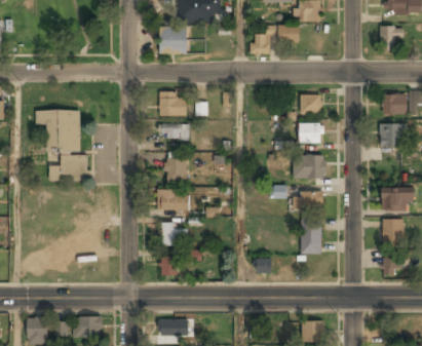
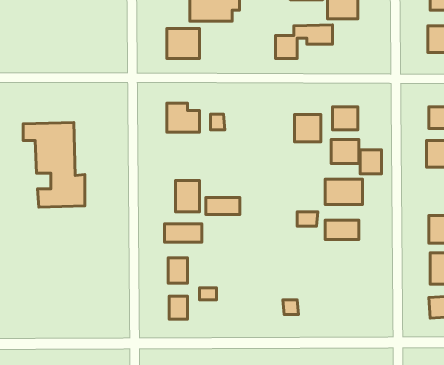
building: none -> [294,115,321,142]
building: [161,124,190,139] -> [206,197,240,214]
building: none -> [360,150,382,174]
building: [301,222,322,255] -> none

